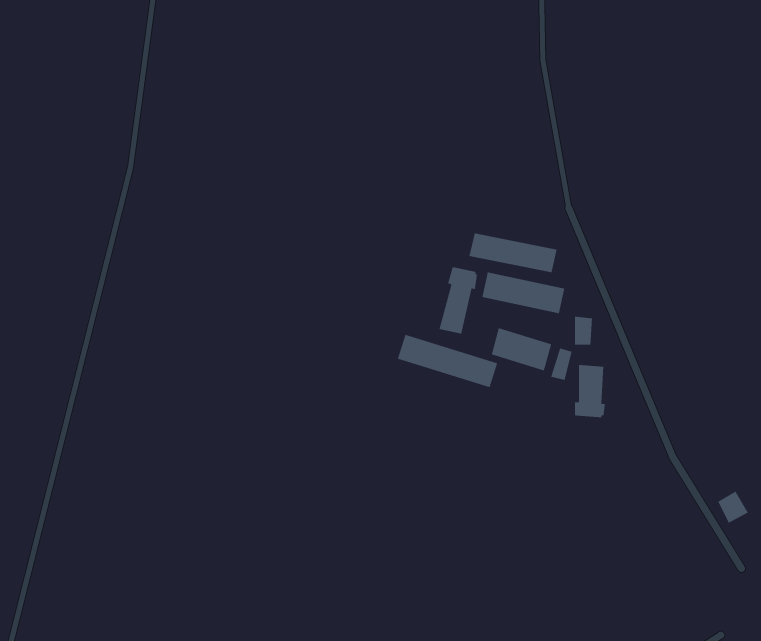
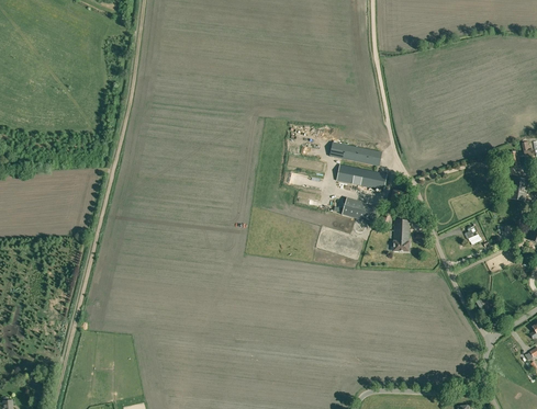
building: [438,266,478,334] -> none
building: [397,334,498,388] -> none

